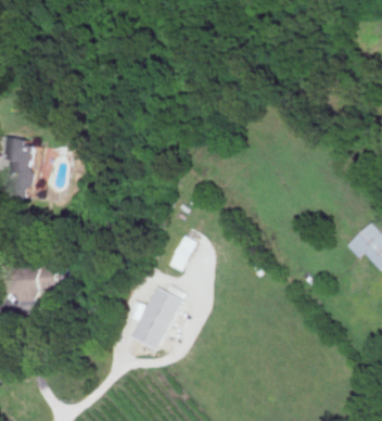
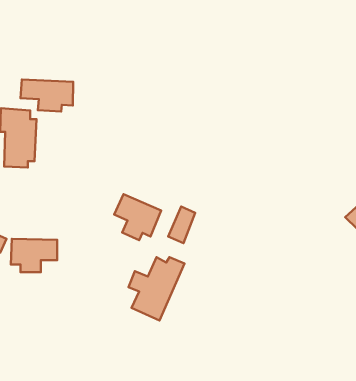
building: none -> [20,79,73,112]
building: none -> [114,194,161,240]

